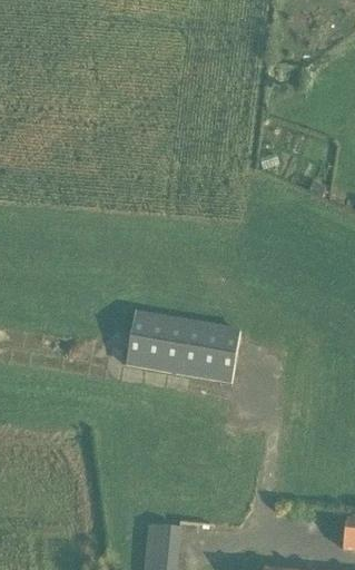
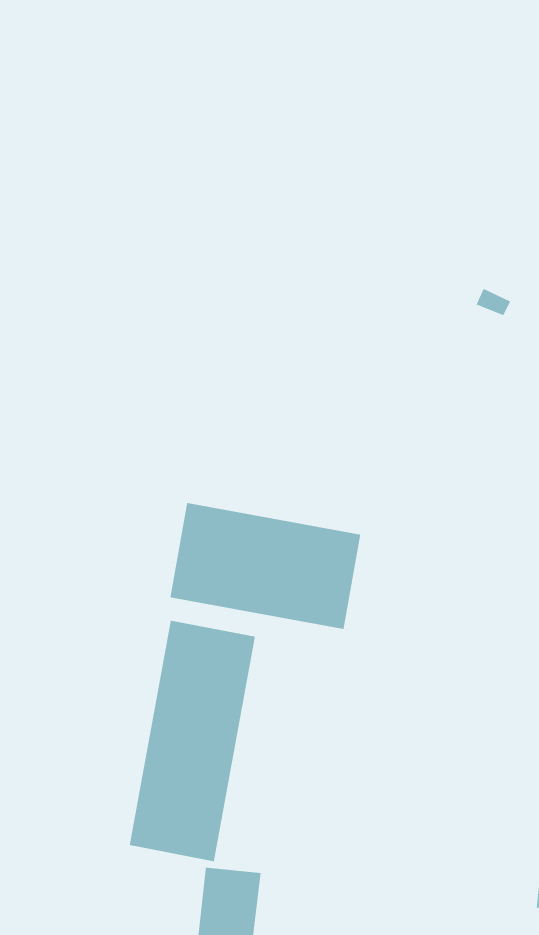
building: none -> [129,620,256,862]

